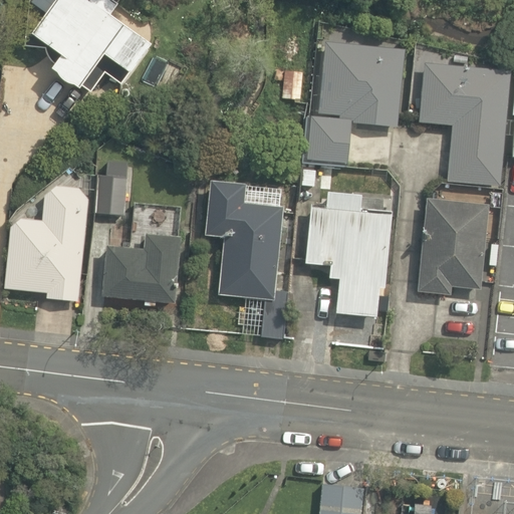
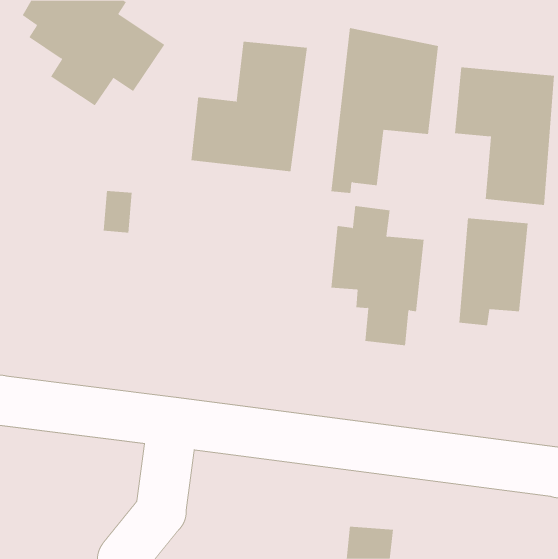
building: none -> [191,41,308,172]
building: [203,179,282,298] -> none
building: [5,184,89,301] -> none
building: [103,206,181,301] -> none

